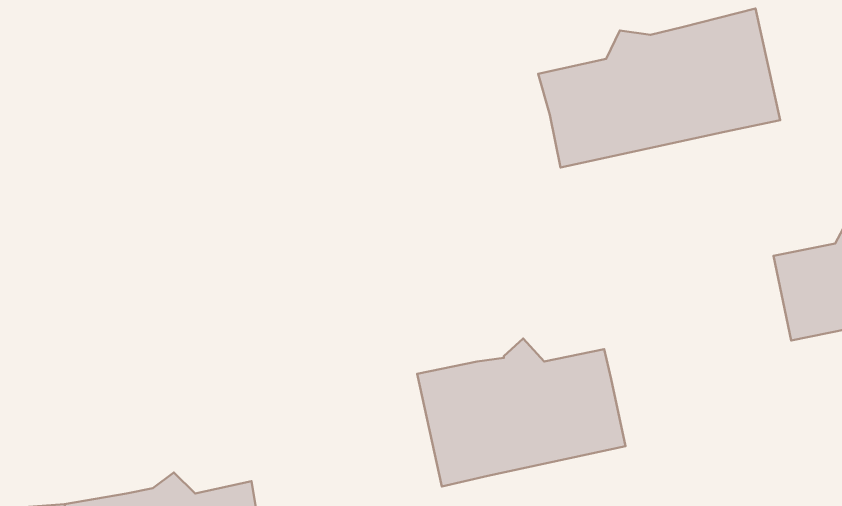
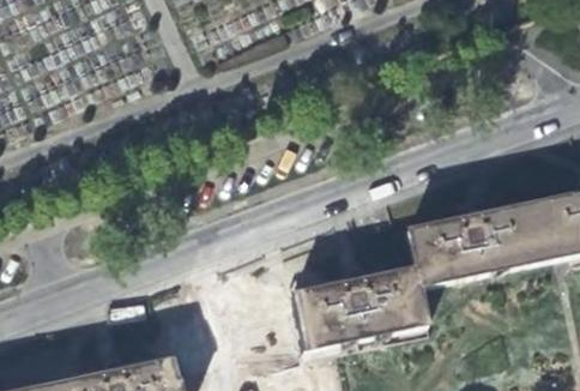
building: [538,8,780,168] -> none
building: none -> [409,197,543,284]

